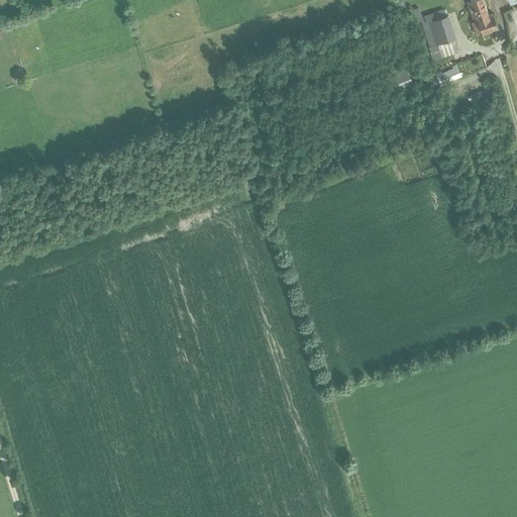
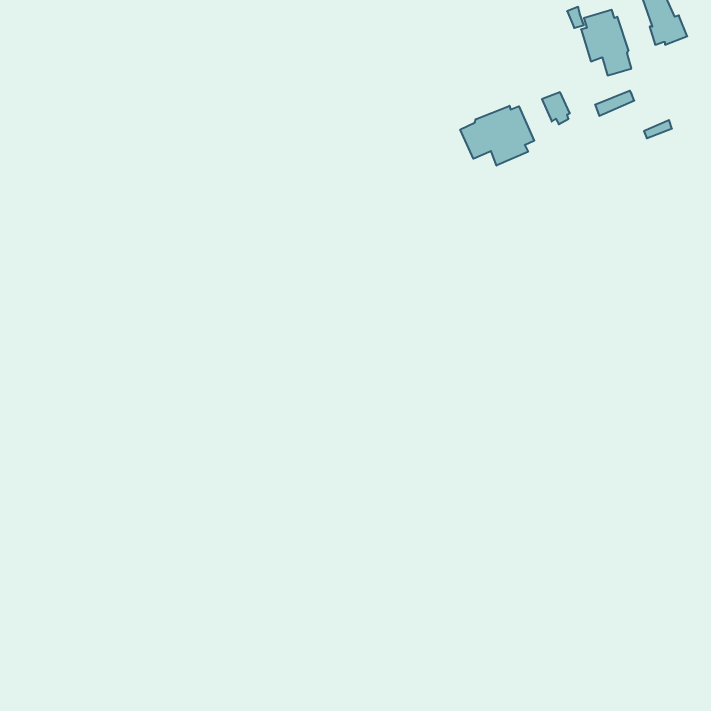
building: none -> [460,106,534,166]

